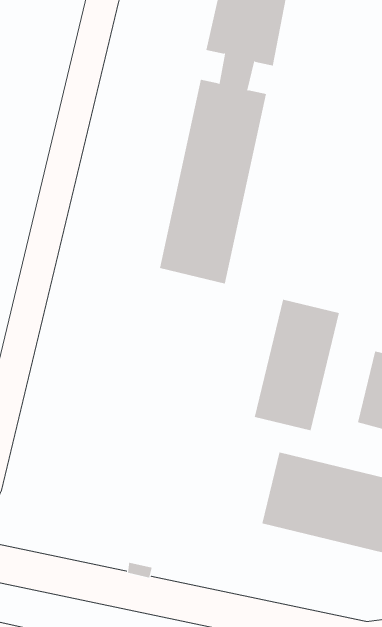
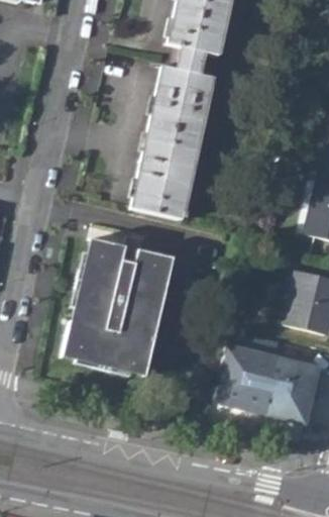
building: [254,299,339,431] -> none
building: none -> [65,237,175,376]

